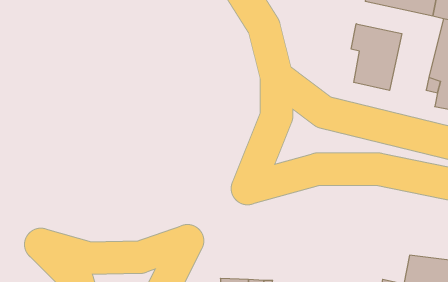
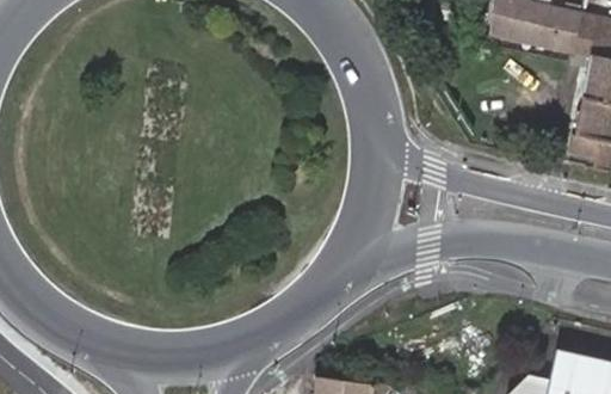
building: [351,24,402,90] -> none

